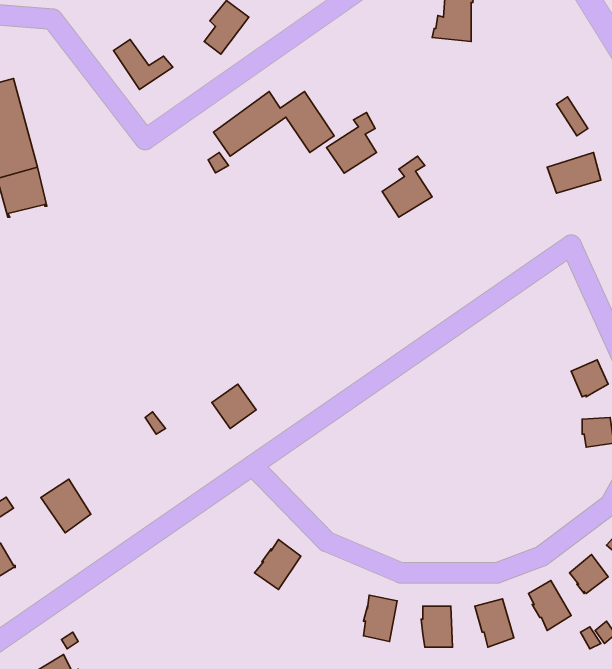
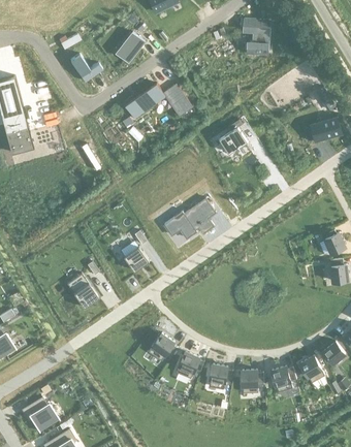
building: [327,113,376,173] -> none
building: none -> [163,197,216,238]
building: [41,479,91,533] -> [69,278,97,308]
building: none -> [177,351,204,378]

